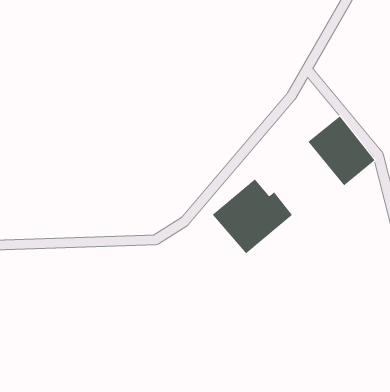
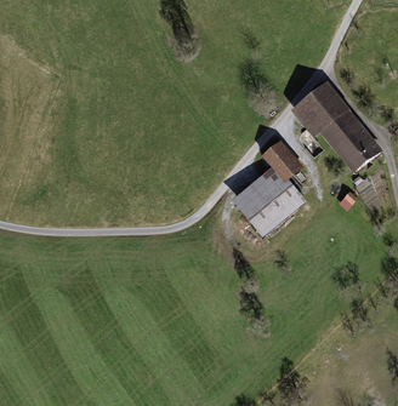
building: none -> [290,80,349,137]
building: none -> [261,138,303,182]

